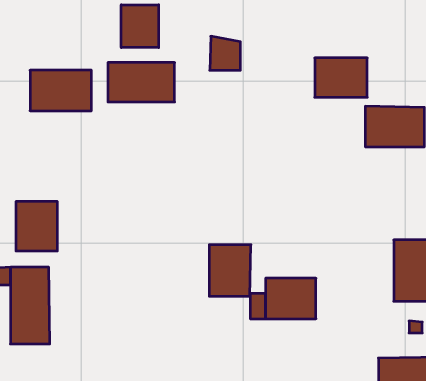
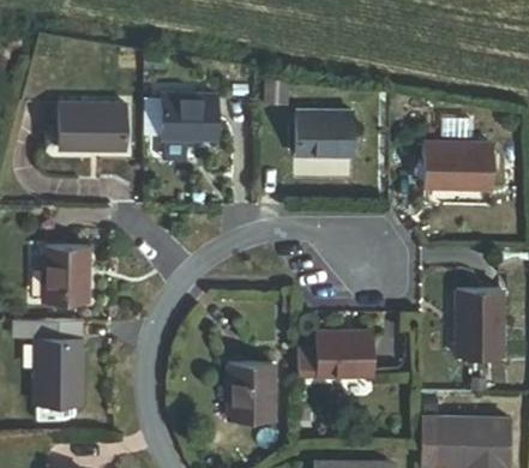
building: [121,5,159,48] -> none
building: [315,58,367,97] -> [295,112,353,155]
building: [209,245,251,296] -> [229,365,275,421]

